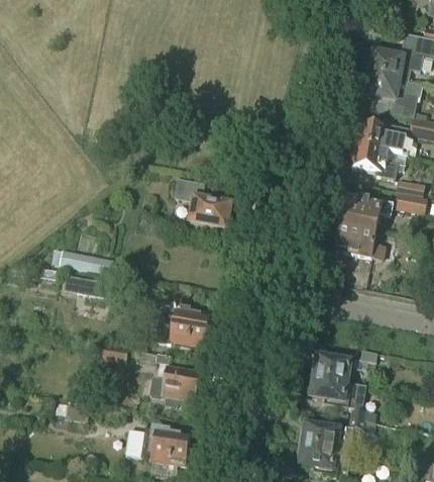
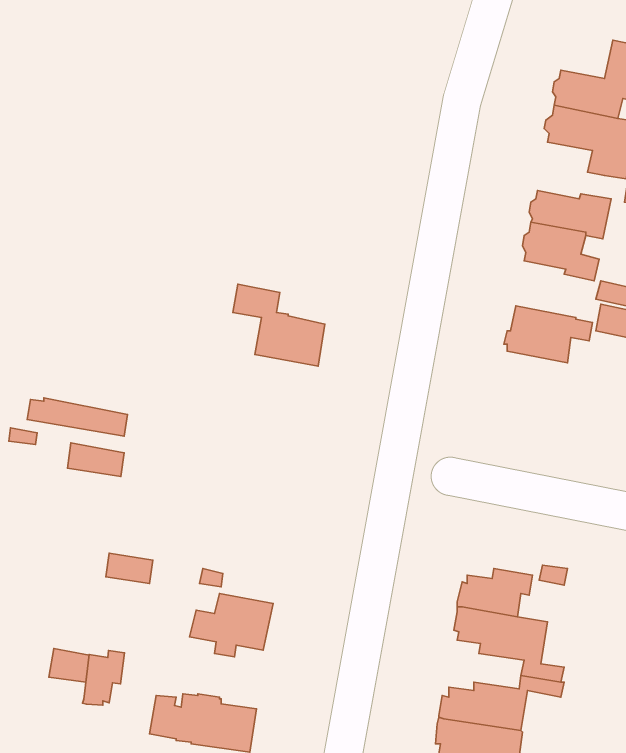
building: [335,220,385,258] -> none
building: [156,305,210,344] -> none
building: none -> [83,651,124,705]

